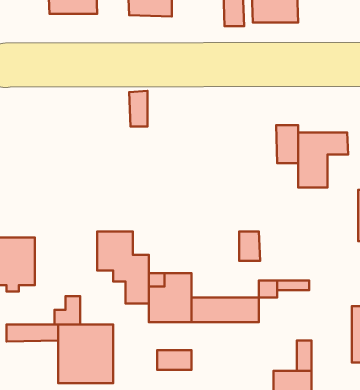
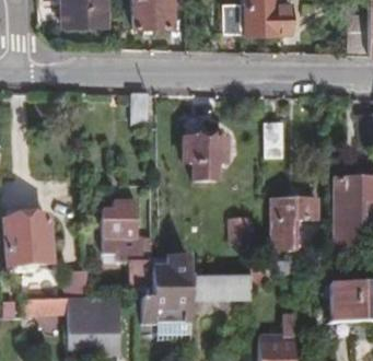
building: [298,132,348,187] -> [271,198,316,247]
building: none -> [194,141,234,182]
building: none -> [142,296,188,322]

